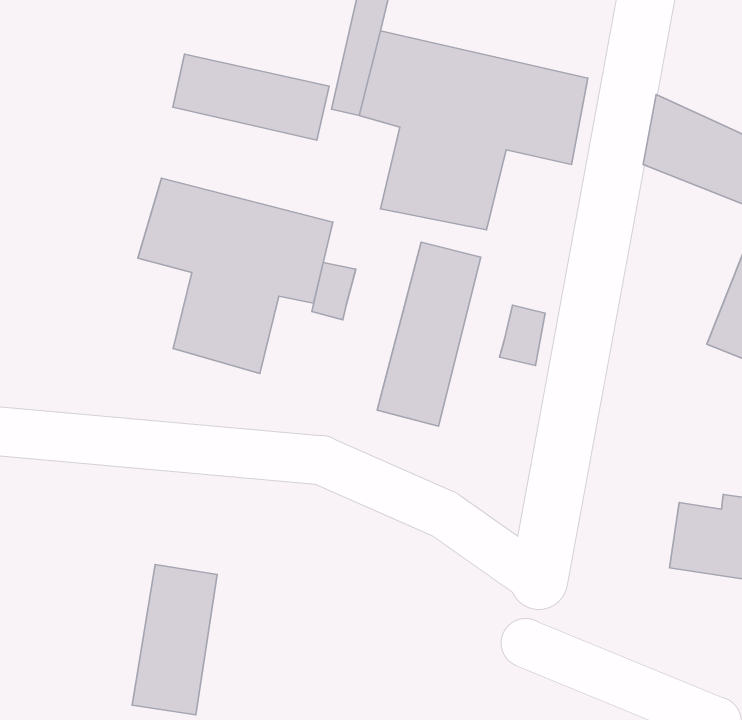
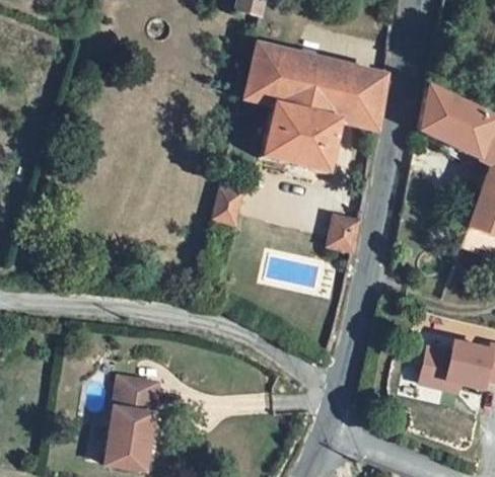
building: [173,54,329,140] -> none
building: [138,178,333,374] -> none
building: [377,242,481,426] -> none

